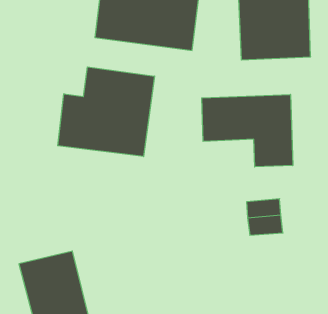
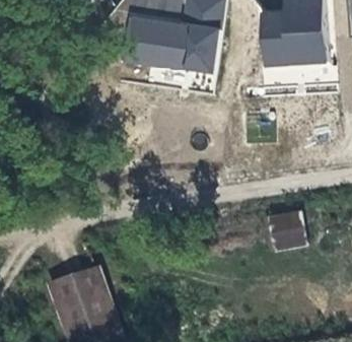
building: [58,67,155,157] -> none
building: [202,94,293,167] -> none

